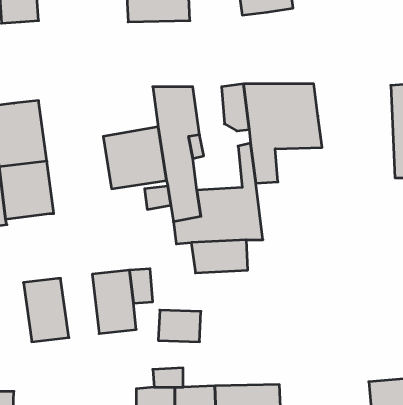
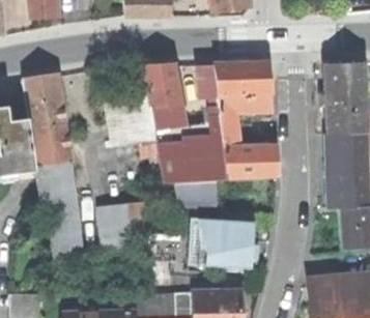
building: none -> [223,137,277,180]
building: none -> [34,161,74,213]
building: none -> [189,219,254,266]

